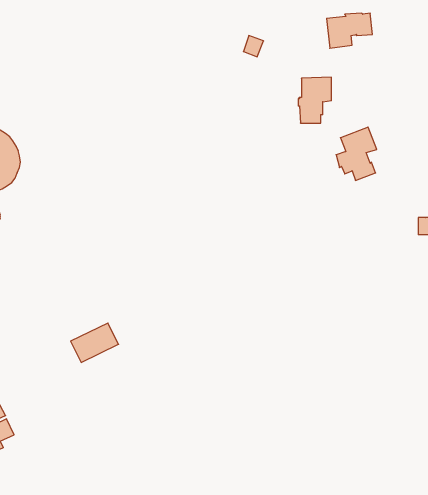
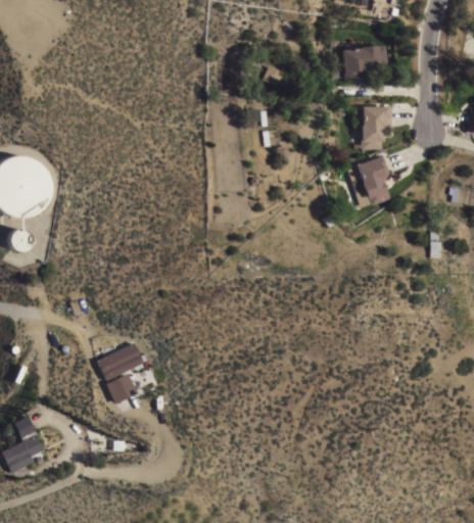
building: [298,77,331,123] -> [361,105,392,149]
building: none -> [108,372,140,403]

